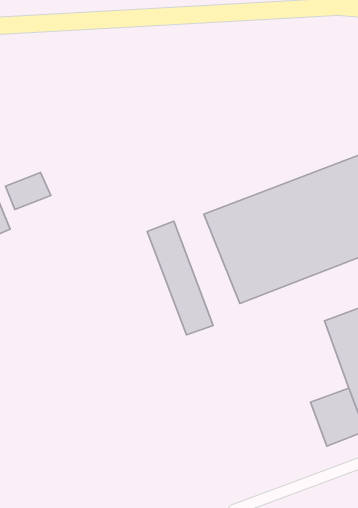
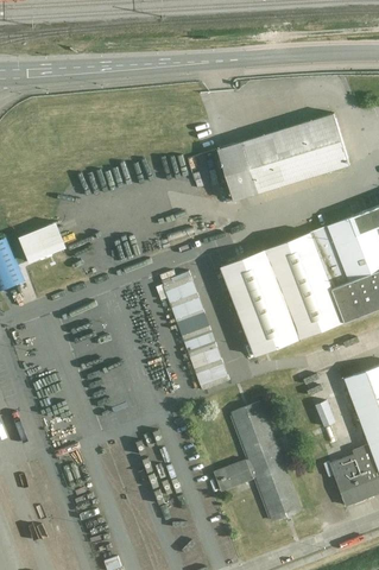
building: none -> [216,112,352,204]
building: none -> [213,404,301,524]

